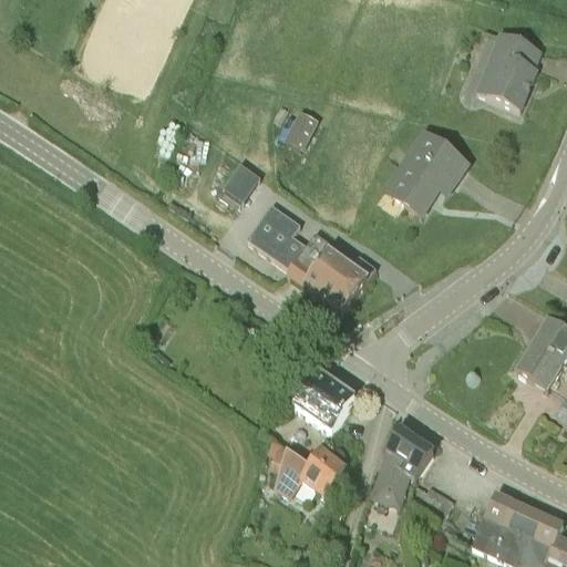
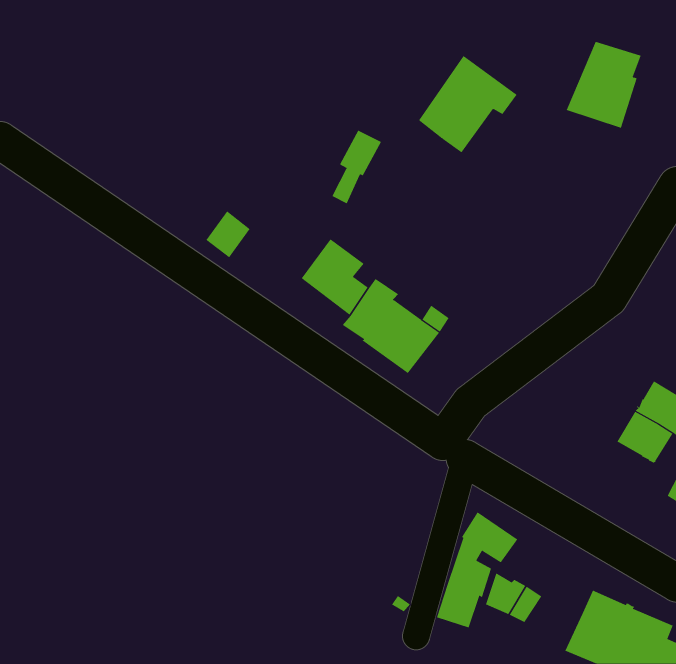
building: [384,131,467,213] -> [418,55,518,153]
building: [228,161,266,200] -> [205,211,251,258]
building: [293,371,355,431] -> none
building: [267,436,343,495] -> none

